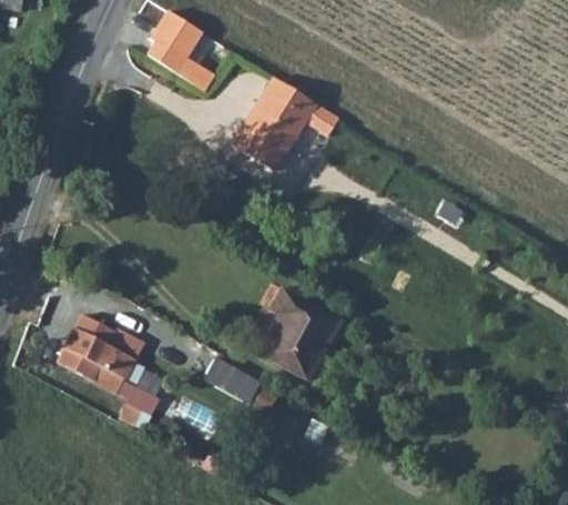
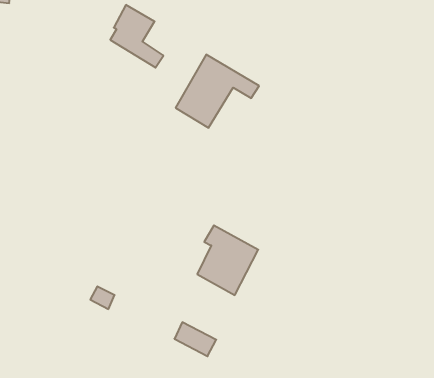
building: [53,302,126,375] -> none
building: [210,357,263,401] -> [174,322,216,356]

